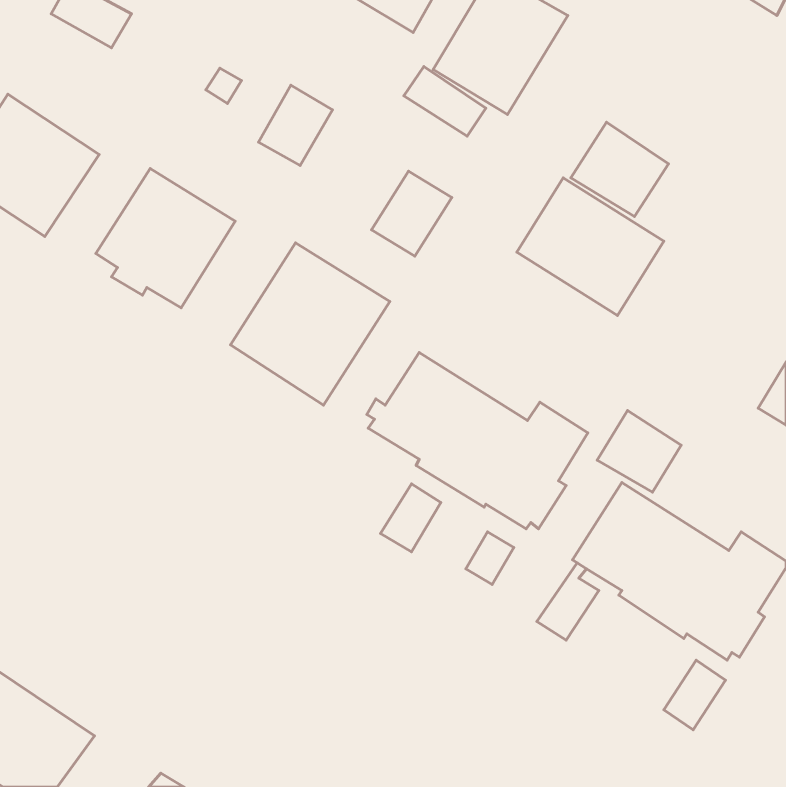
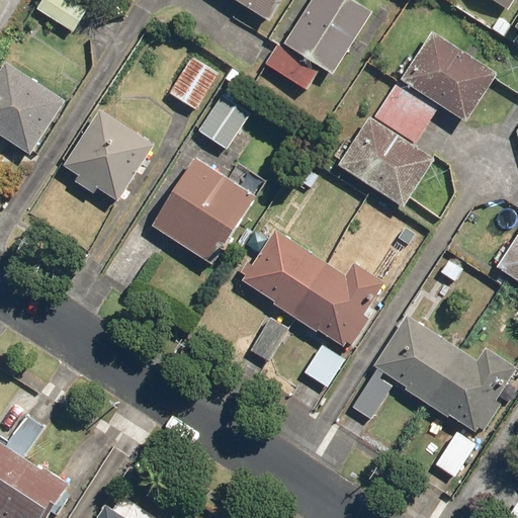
building: none -> [400,30,497,121]
building: [371,171,452,256] -> [197,92,250,148]
building: [597,411,681,492] -> none

